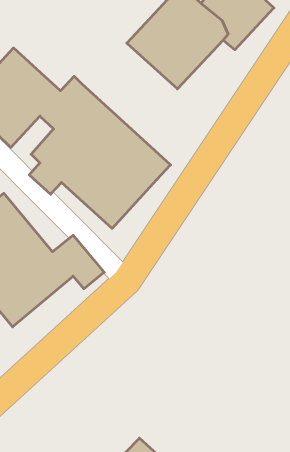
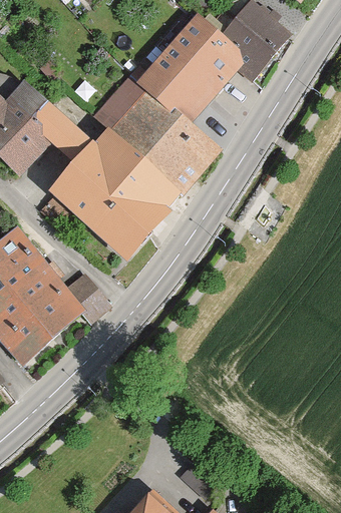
building: none -> [93,68,227,197]

